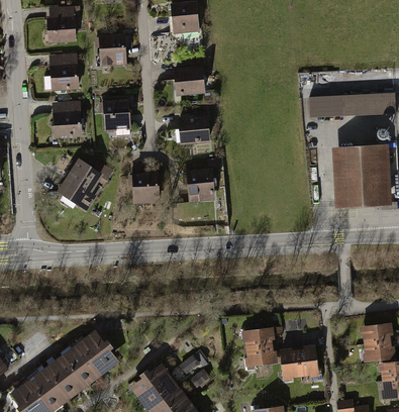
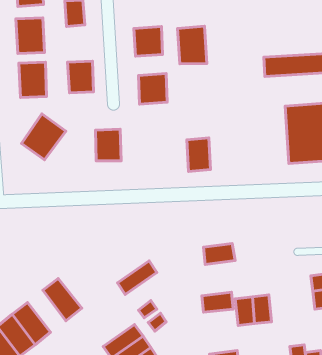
building: none -> [177,26,207,64]
building: [186,168,211,203] -> [187,138,211,171]
building: [242,326,276,348] -> [203,243,235,264]
building: [61,342,101,387] -> none
building: [132,367,174,402] -> [118,261,157,294]

